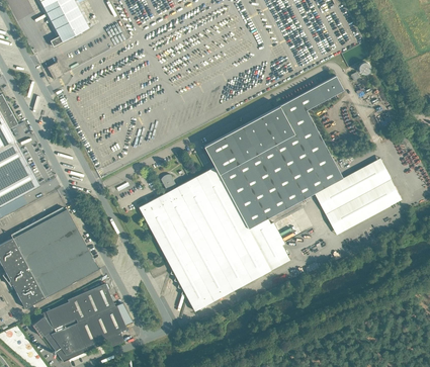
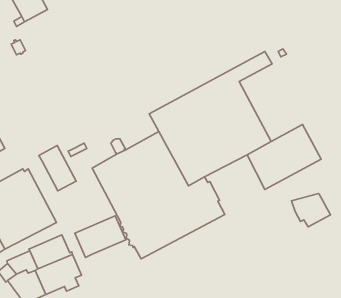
building: none -> [39,146,76,191]
building: none -> [292,194,330,227]
building: none -> [75,216,126,257]

